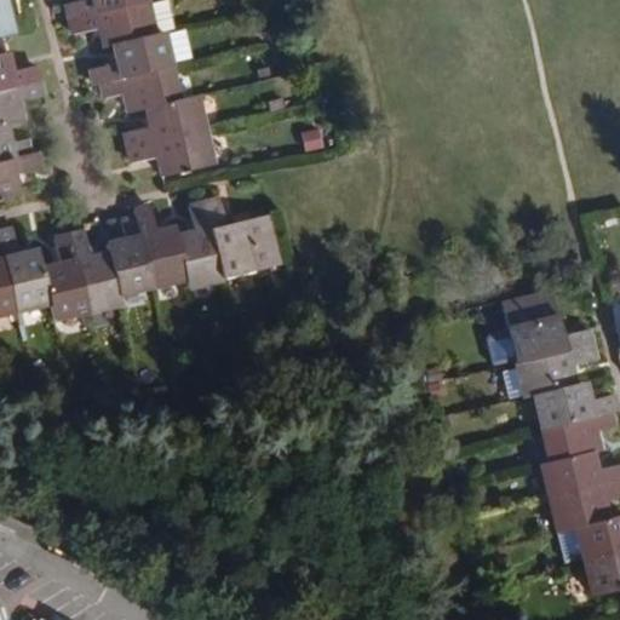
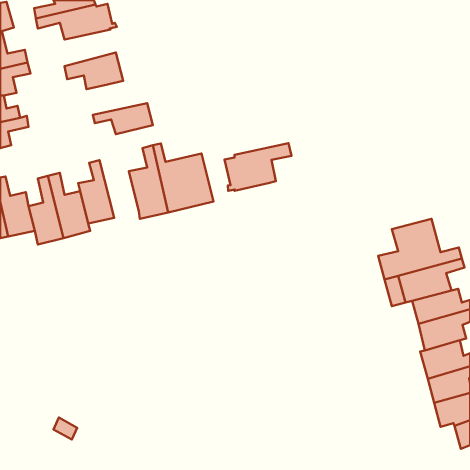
building: [74,36,173,88] -> none
building: [120,102,194,151] -> none
building: none -> [225,143,292,191]
building: [130,196,183,287] -> none

